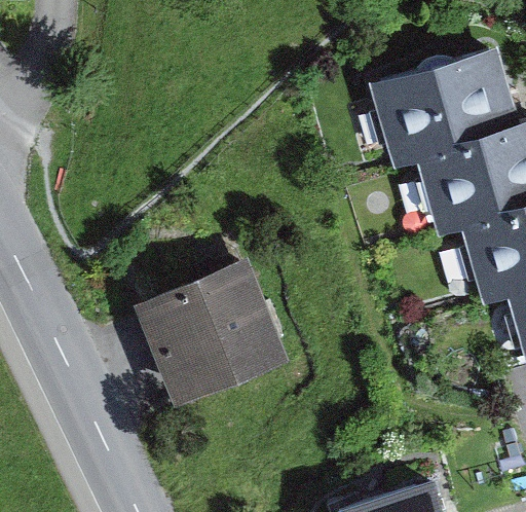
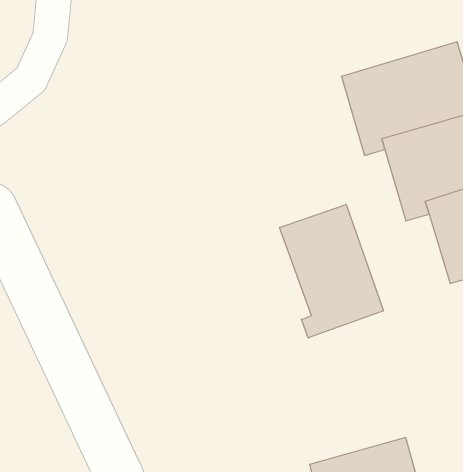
building: none -> [280,204,383,338]
building: [137,265,288,403] -> none

